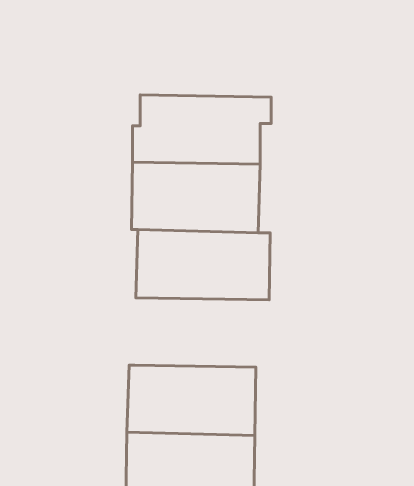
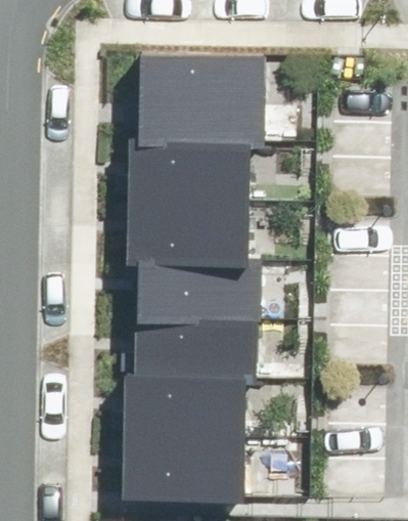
building: none -> [138,56,262,122]
building: none -> [133,308,258,373]

